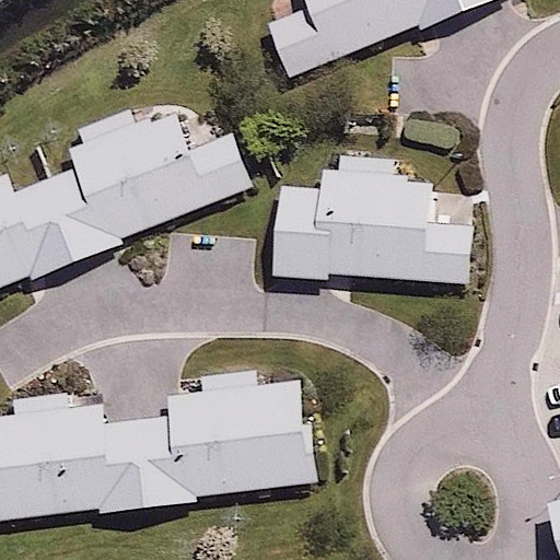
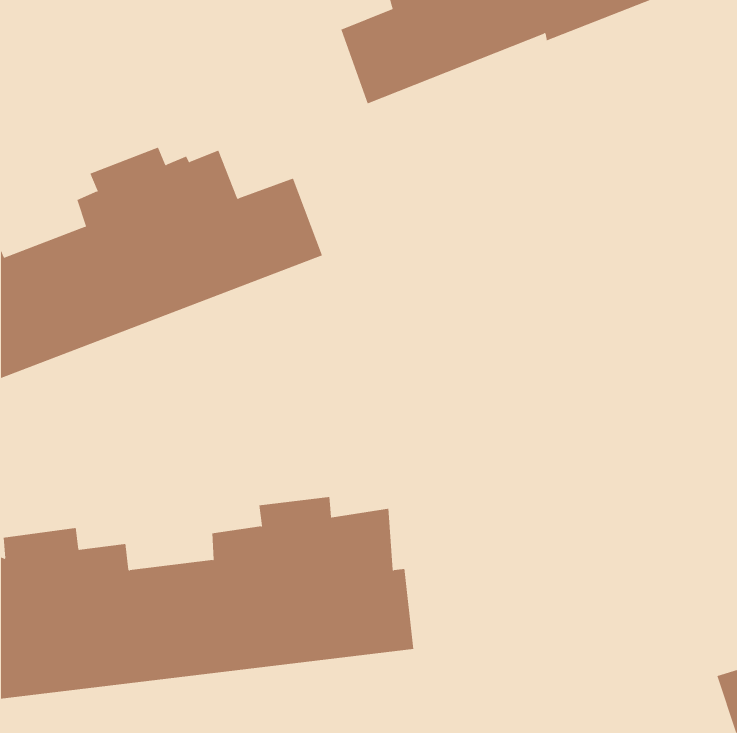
building: [271,154,472,284] -> none

